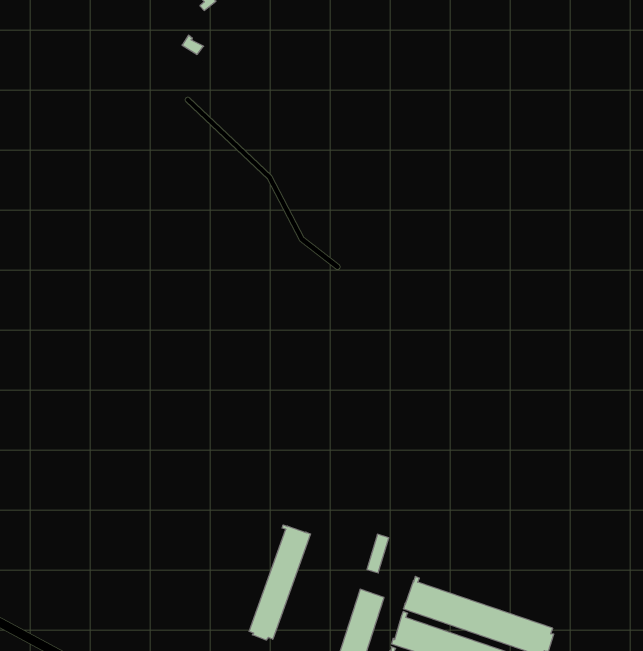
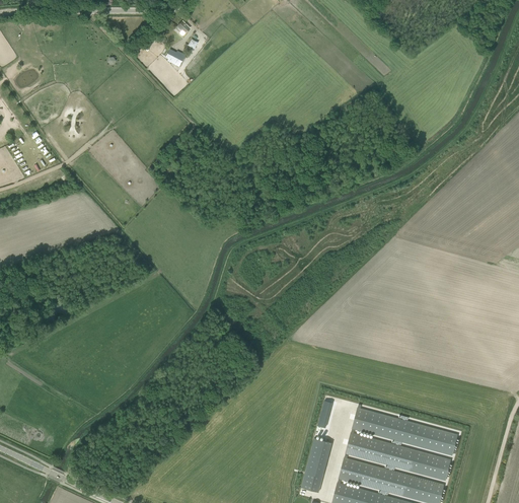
building: [249,525,310,640] -> none
building: none -> [353,403,460,454]

